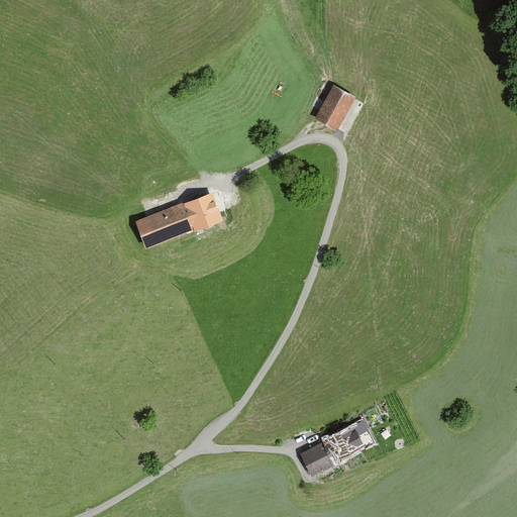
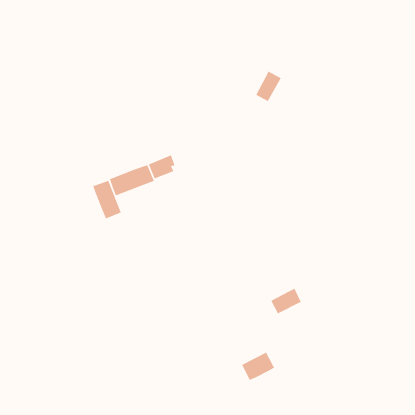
building: none -> [92,180,122,220]
building: [331,421,371,454] -> [270,288,302,314]

